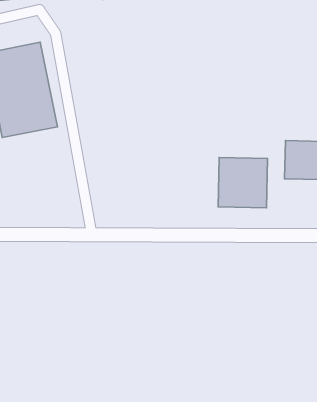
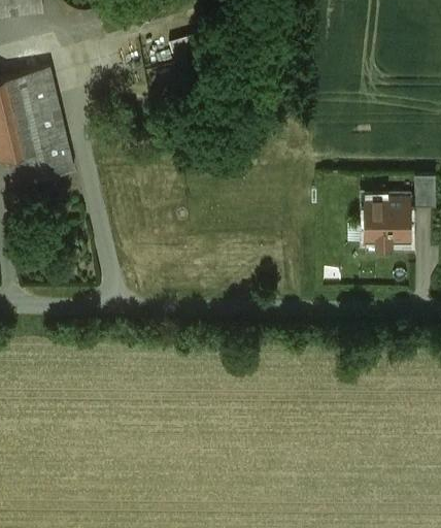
building: [218,157,267,208] -> none

